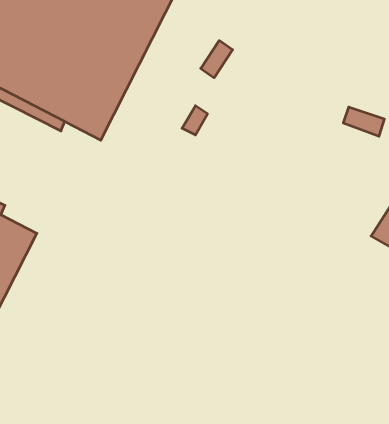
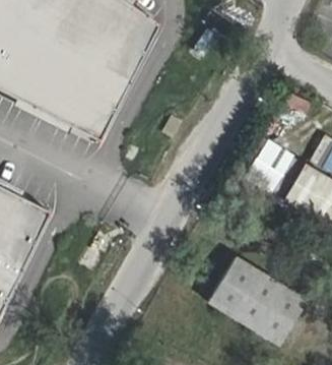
building: none -> [208,254,308,343]

